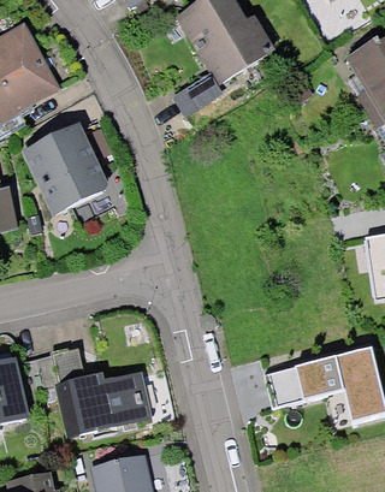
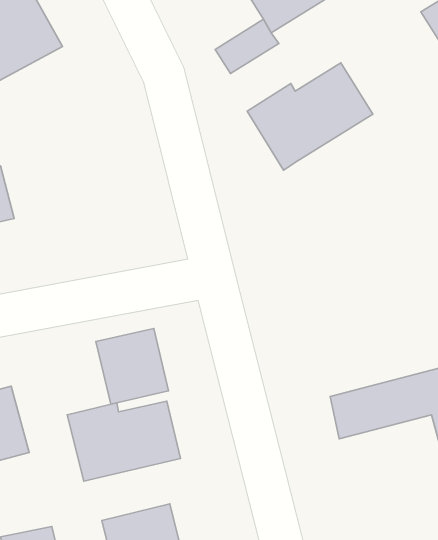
building: none -> [247,63,373,170]
building: [25,128,106,214] -> none
building: none -> [96,328,168,404]

